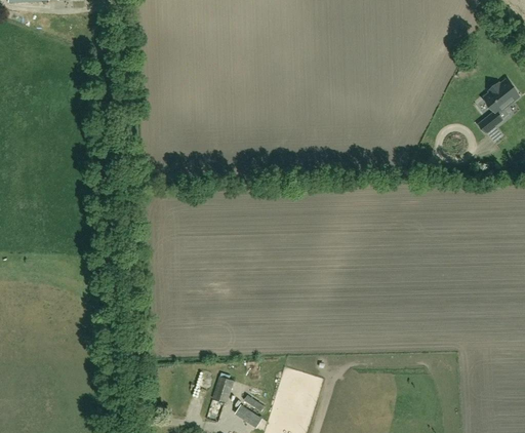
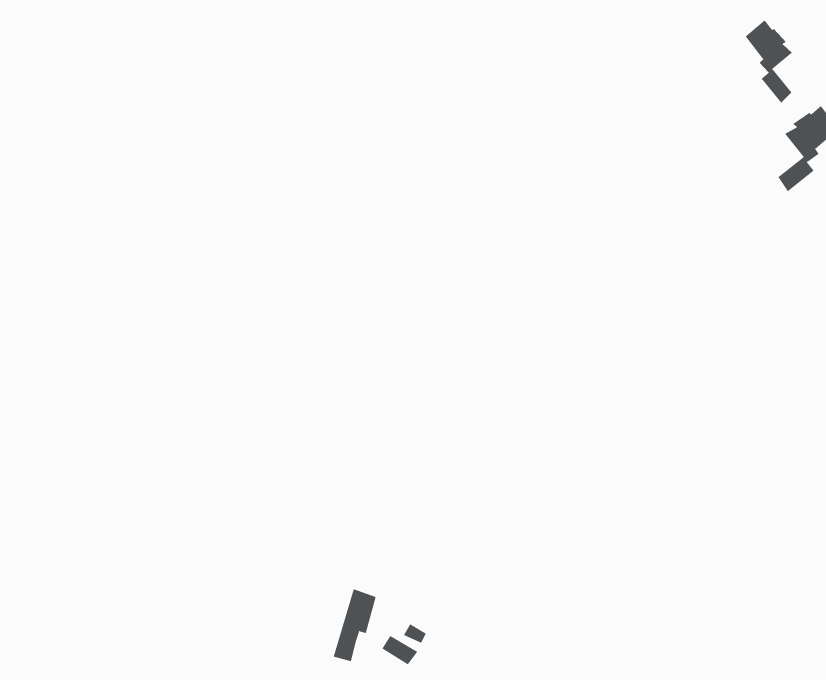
building: none -> [745,20,793,104]

